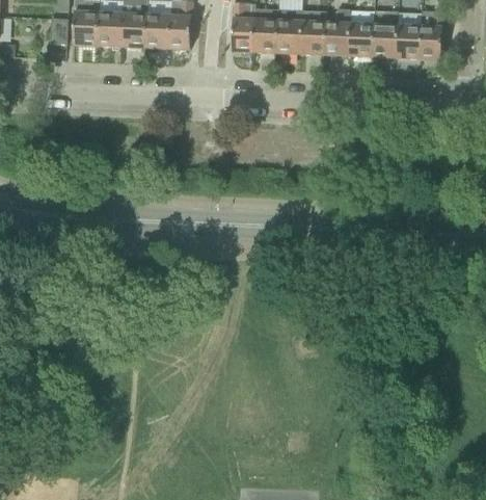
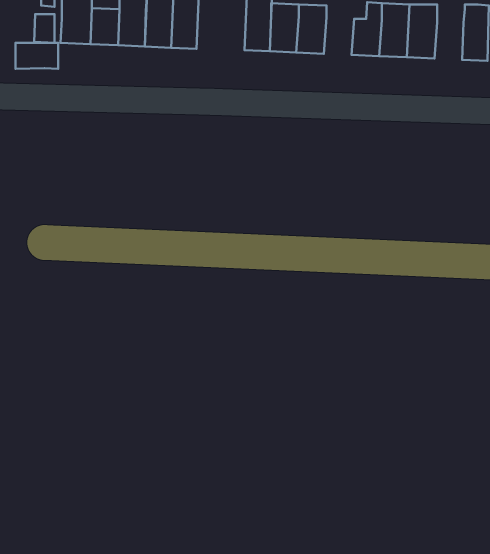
building: [300,11,326,54] -> none
building: [396,14,422,58] -> none
building: none -> [15,43,58,69]

